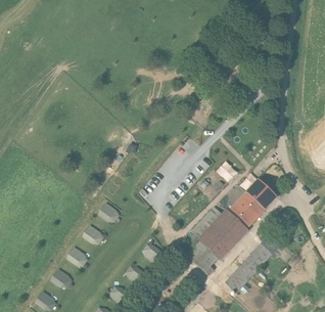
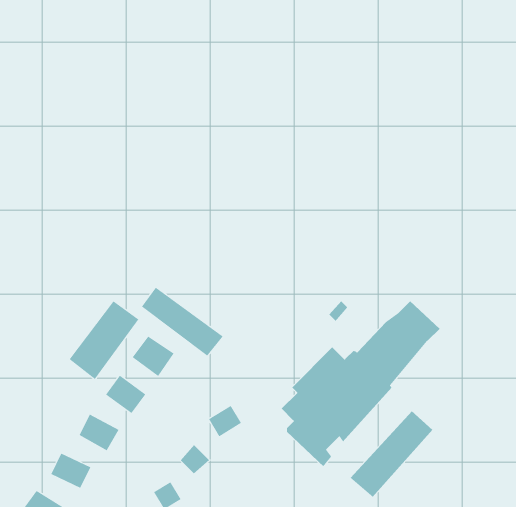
building: none -> [141,287,223,356]
building: none -> [69,300,139,380]

